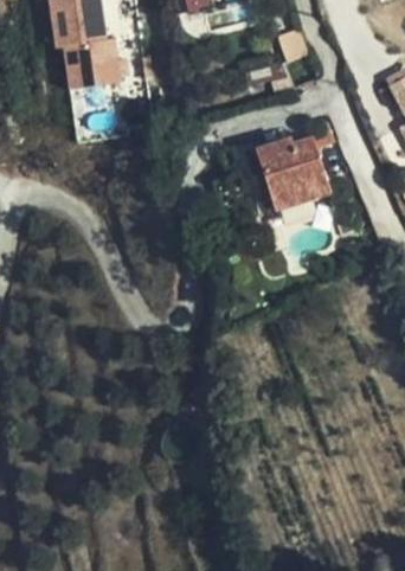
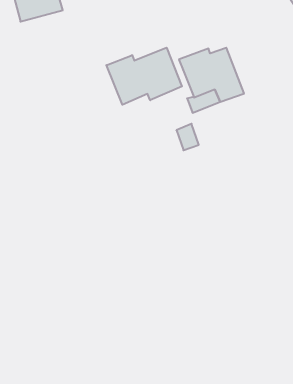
building: none -> [106,48,182,105]

